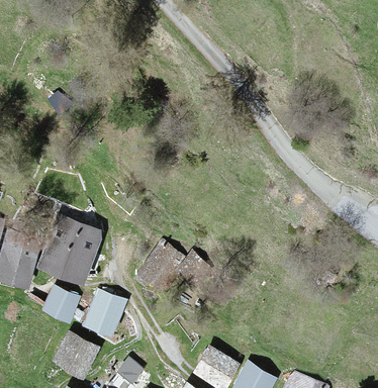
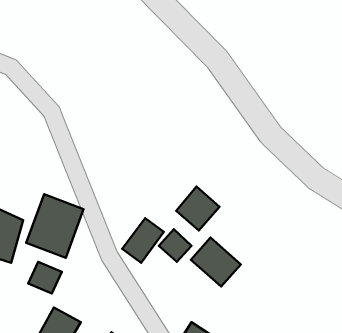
building: none -> [176,186,220,230]
building: none -> [191,237,241,287]
building: [86,292,124,334] -> none

